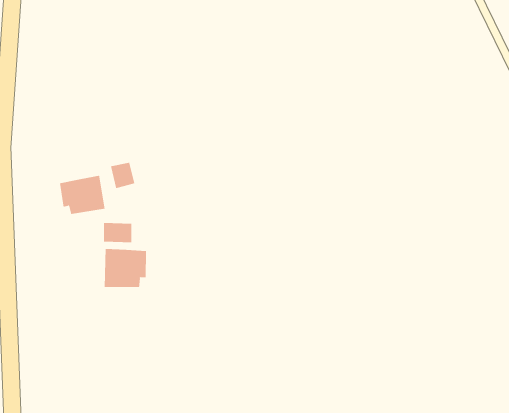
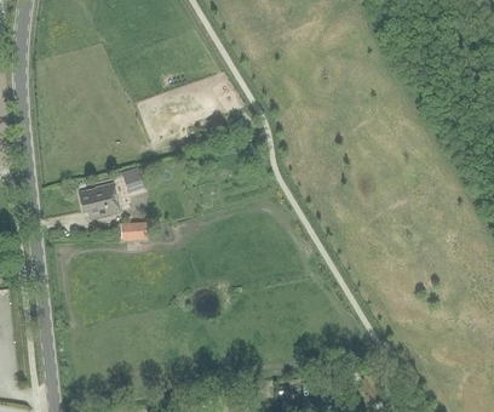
building: [104,248,147,288] -> none

